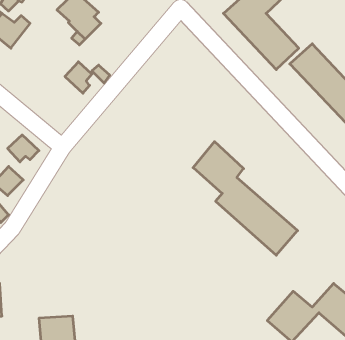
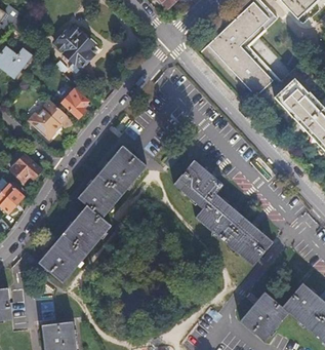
building: none -> [29,100,82,139]
building: none -> [45,143,151,274]

